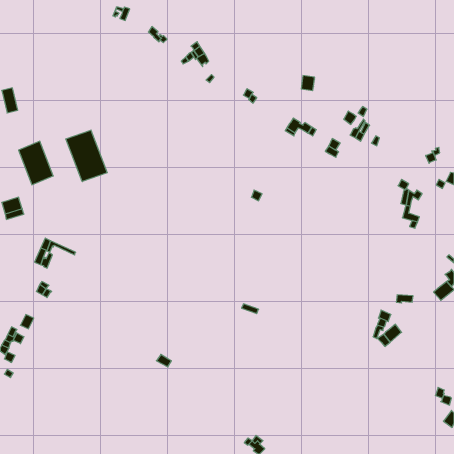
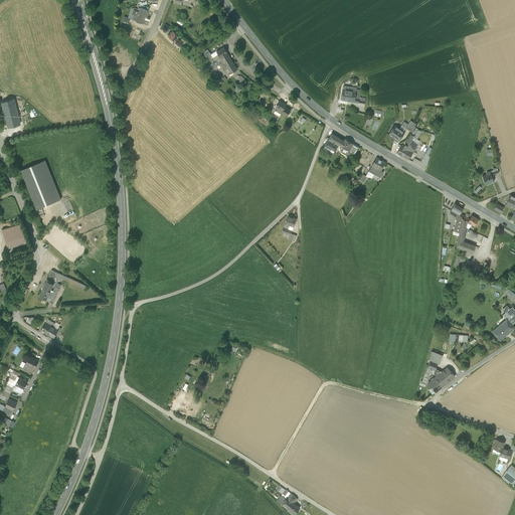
building: [66,130,107,182] -> none

